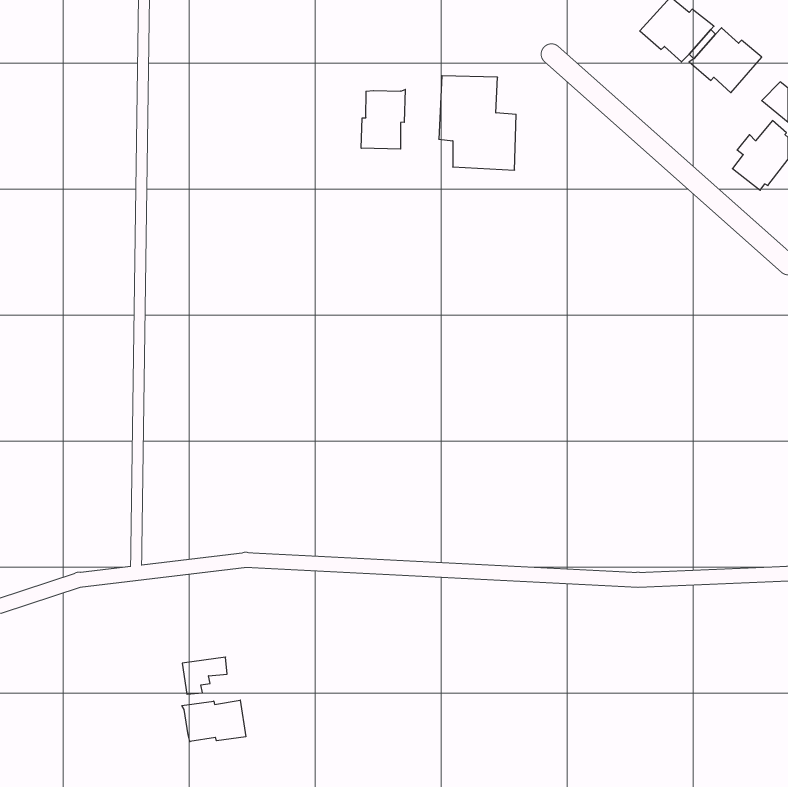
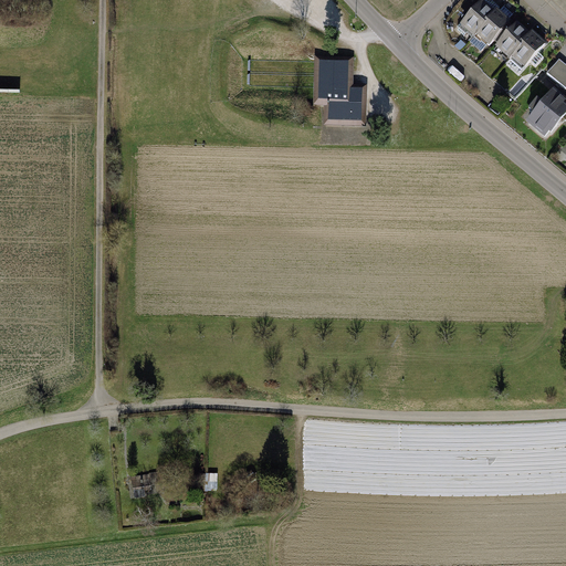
building: [361,89,405,149] -> none
building: [182,700,246,742] -> none

